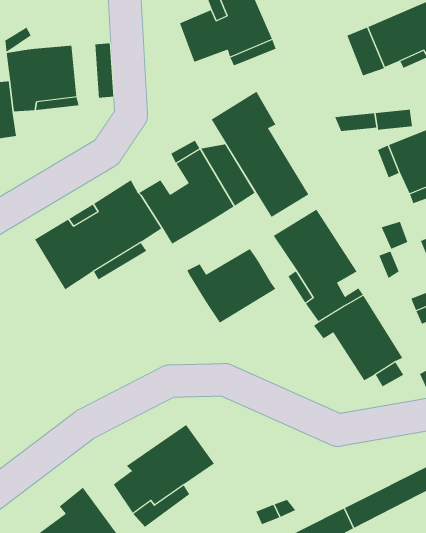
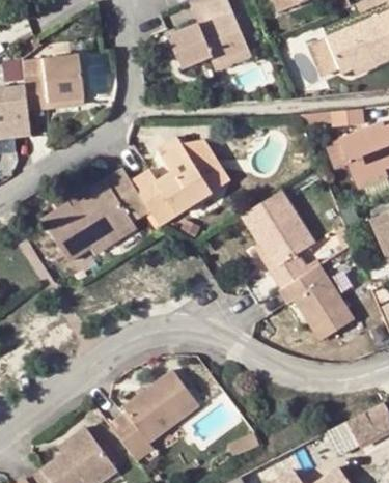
building: [211,91,309,218] -> none
building: [187,248,276,324] -> none

